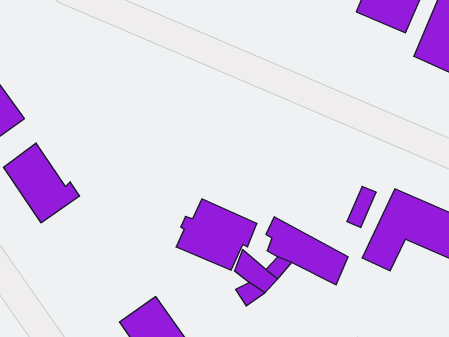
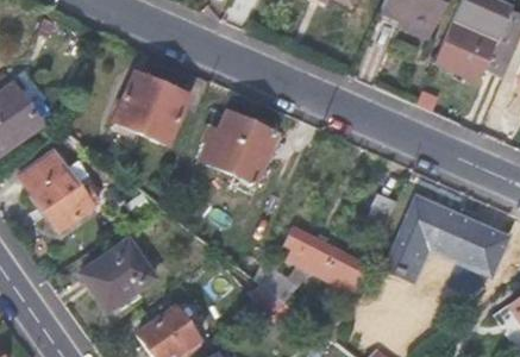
building: none -> [113,71,189,144]
building: [176,199,257,270] -> [200,111,282,183]
building: none -> [81,238,156,312]

